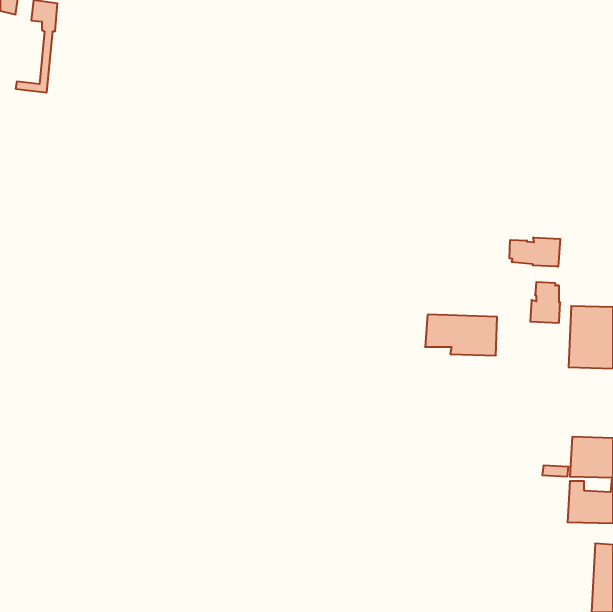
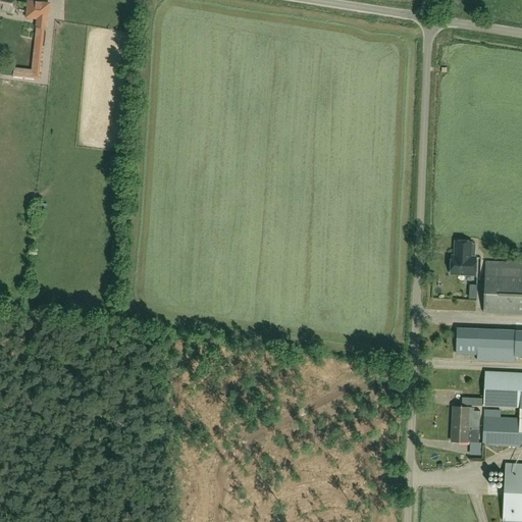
building: [509,237,560,267] -> none
building: [425,315,497,355] -> [455,326,516,361]
building: none -> [452,406,479,441]

